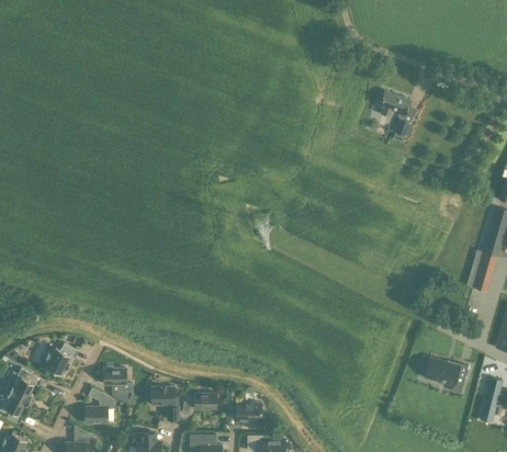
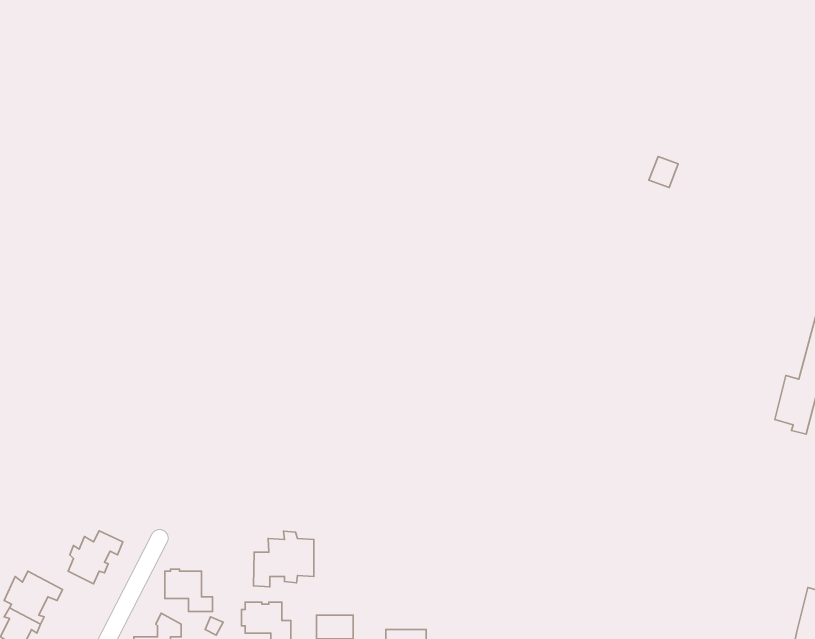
building: [379,90,410,116] -> none
building: none -> [253,531,314,587]
building: [424,357,464,384] -> none

